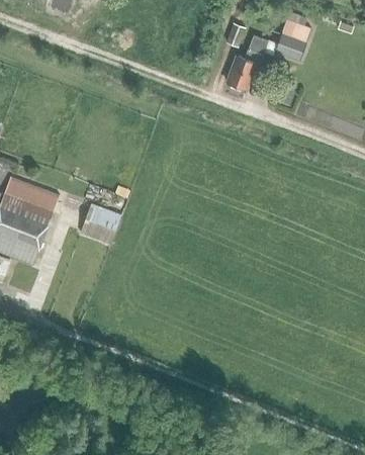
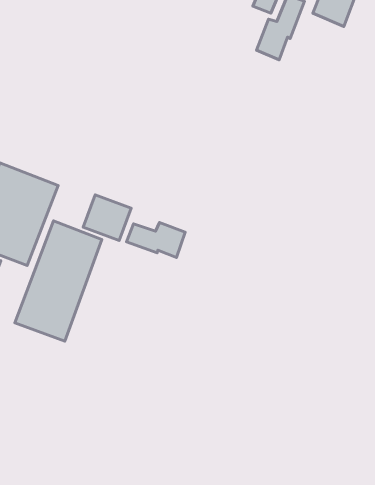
building: none -> [15,221,102,341]
building: none -> [126,223,185,257]

